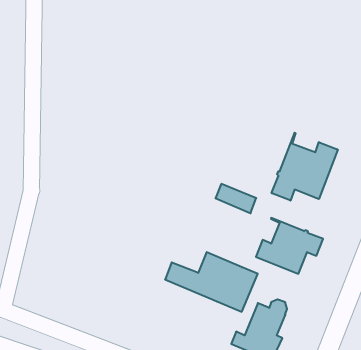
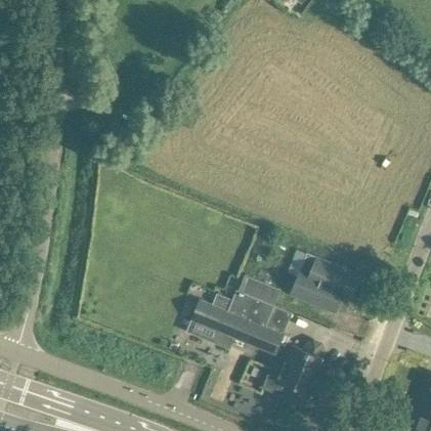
building: [272,133,338,201] -> none
building: [215,184,256,213] -> [238,275,282,307]

